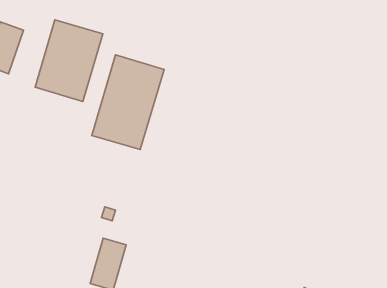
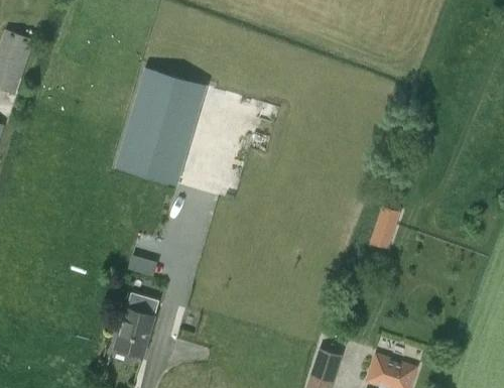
building: [35,20,103,102] -> none
building: none -> [370,207,401,249]

